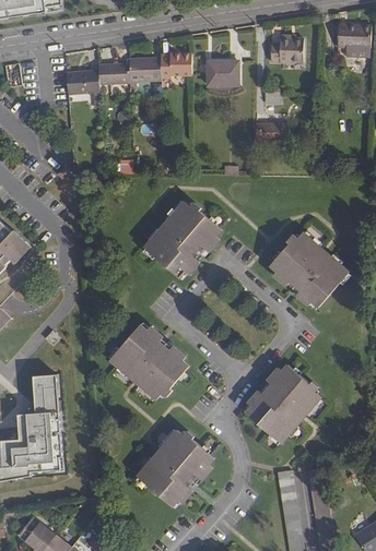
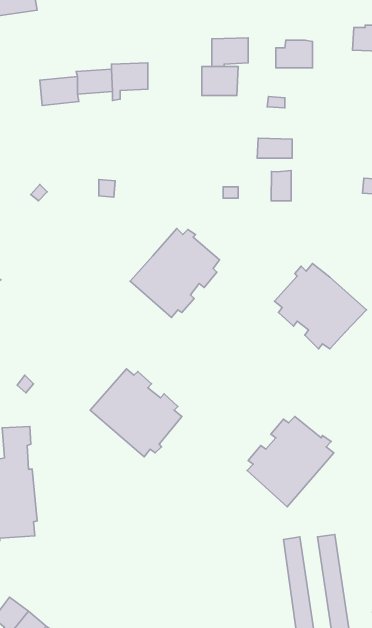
building: [158,52,190,77] -> [212,38,248,67]
building: none -> [271,171,291,201]
building: [136,429,213,506] -> none

